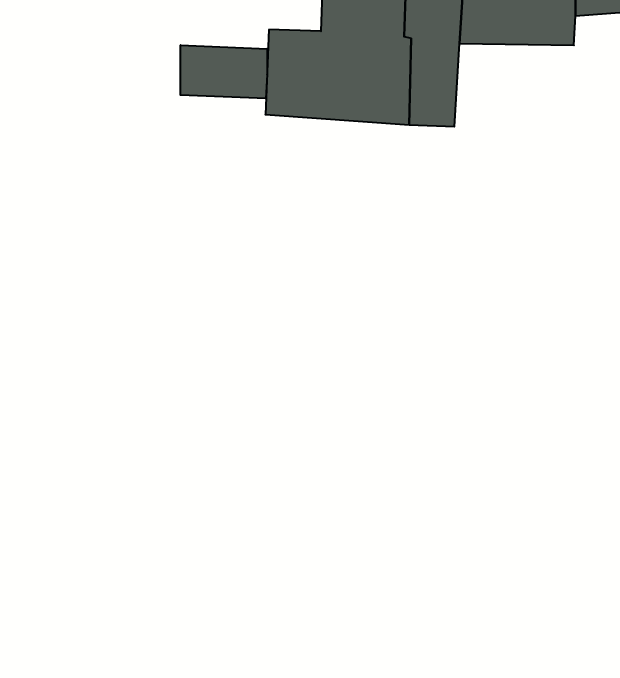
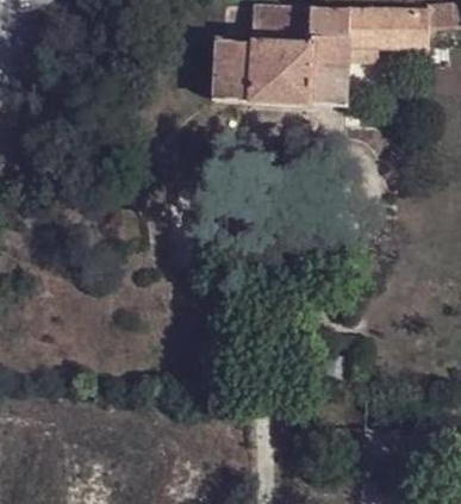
building: [180,45,267,99] -> none

